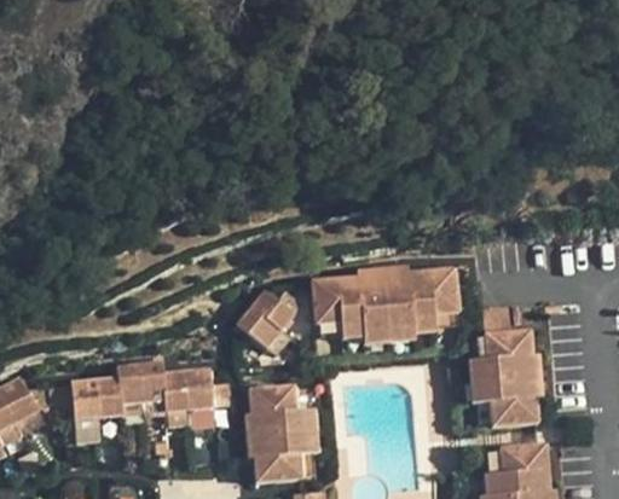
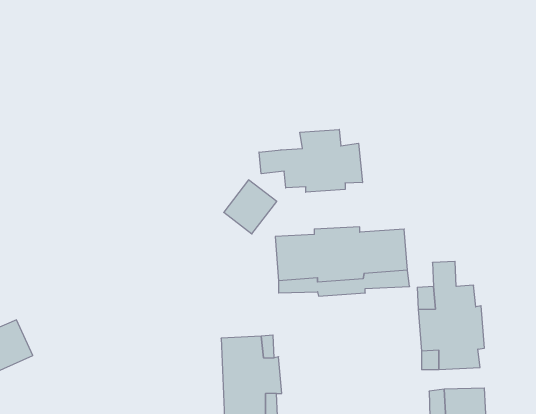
building: none -> [259,129,362,192]
building: [237,289,296,349] -> [224,180,277,234]
building: [74,364,215,419] -> none

